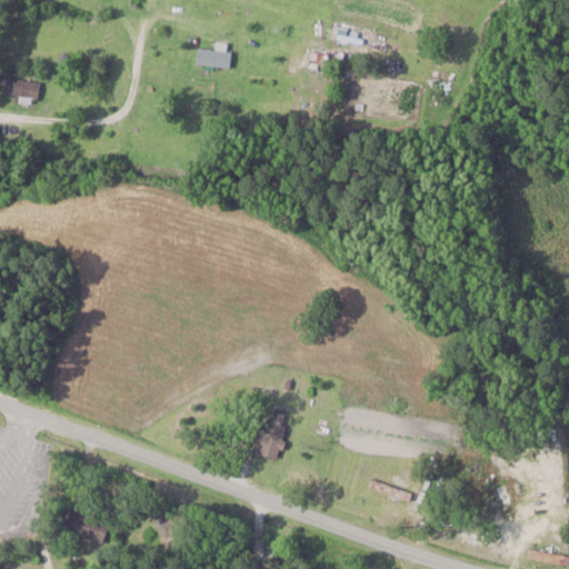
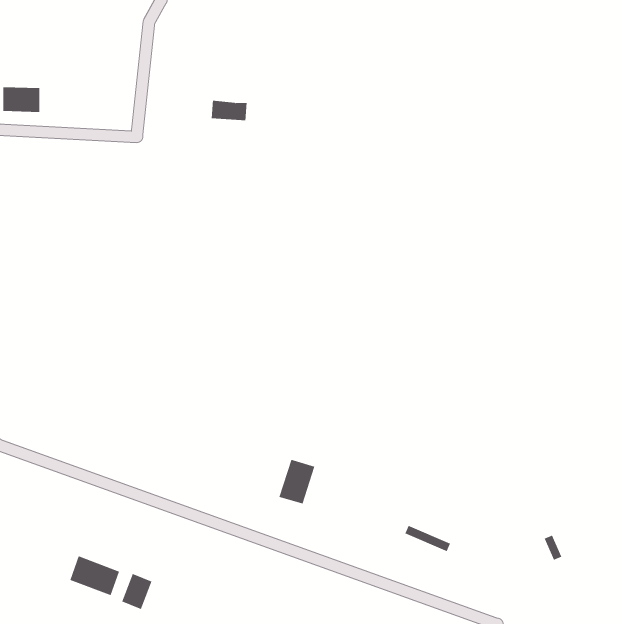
building: [196,48,229,67] -> [211,100,247,121]
building: none -> [121,573,152,610]

